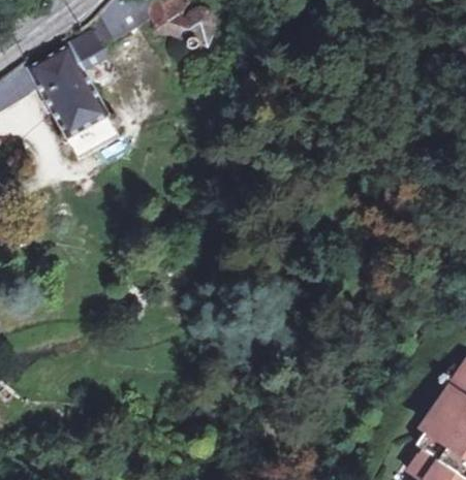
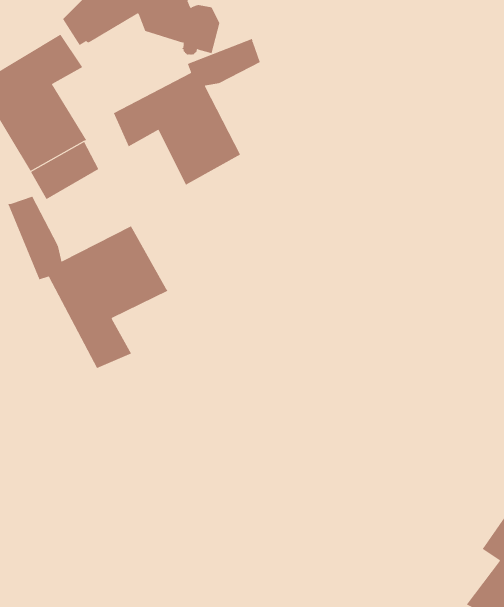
building: none -> [113,38,261,186]
building: none -> [8,196,168,369]

